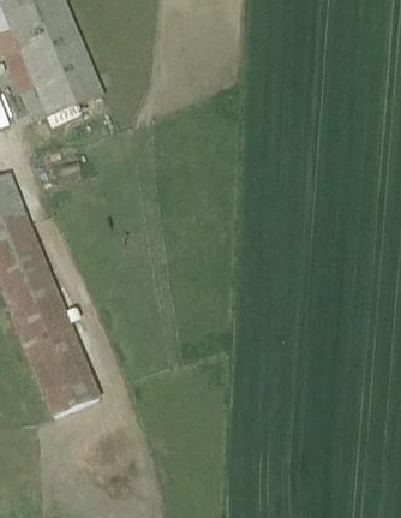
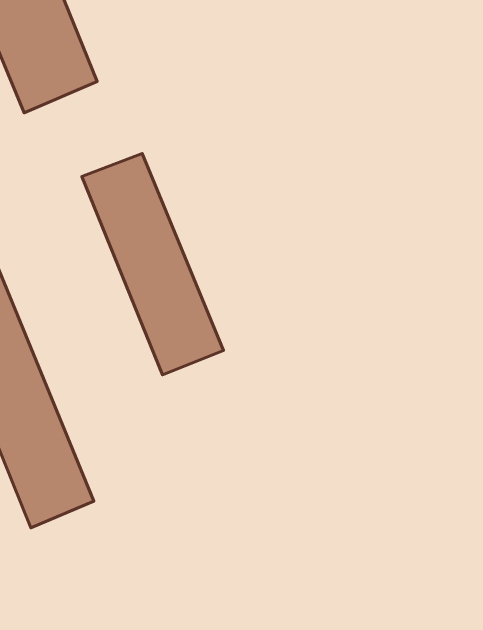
building: none -> [82,153,223,375]

